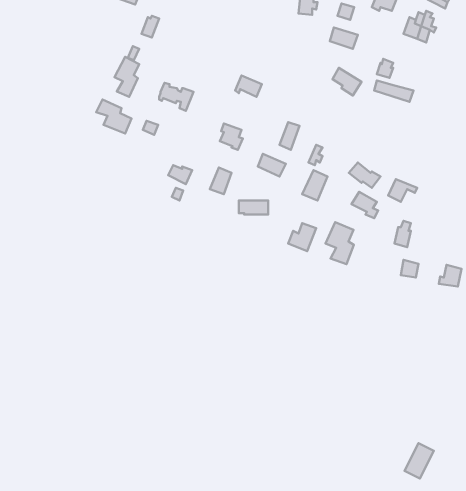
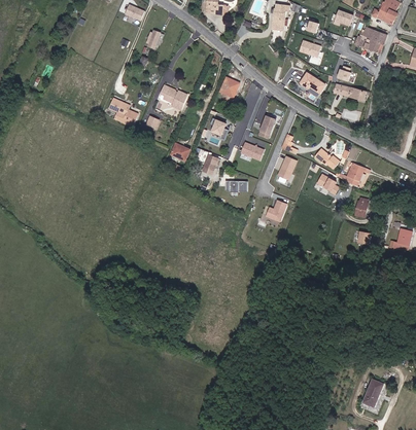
building: [115,57,139,97] -> none
building: [326,222,354,264] -> none

